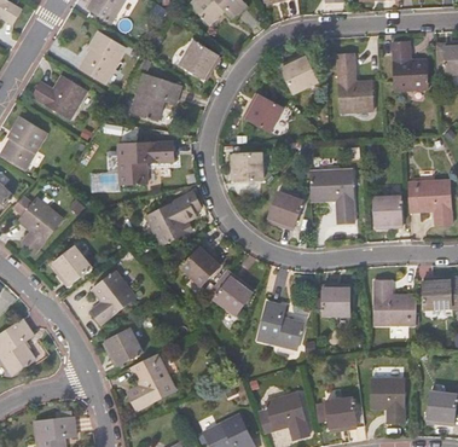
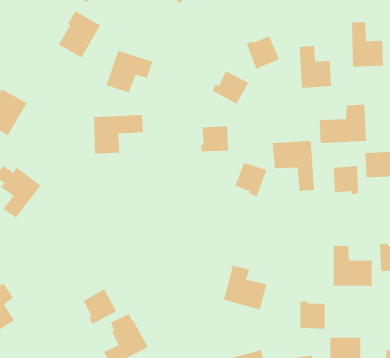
building: [181,40,220,77] -> none
building: [30,74,86,117] -> none
building: none -> [319,104,366,144]
building: [145,192,201,245] -> none
building: [181,244,220,285] -> none
building: [53,245,91,285] -> none
building: [91,271,137,324] -> none
building: [213,274,250,315] -> none
building: [321,285,349,315] -> [299,301,325,329]

